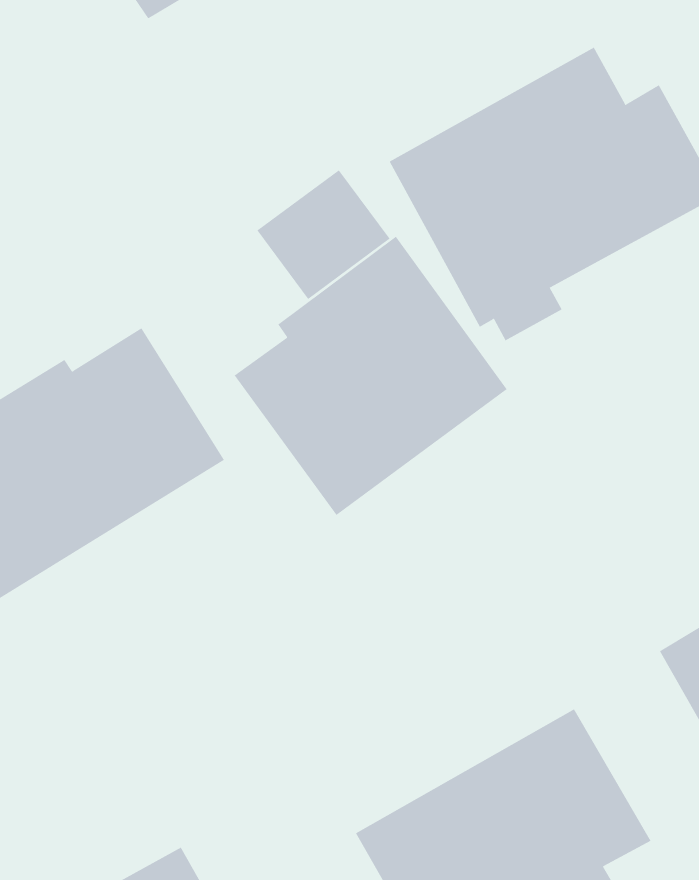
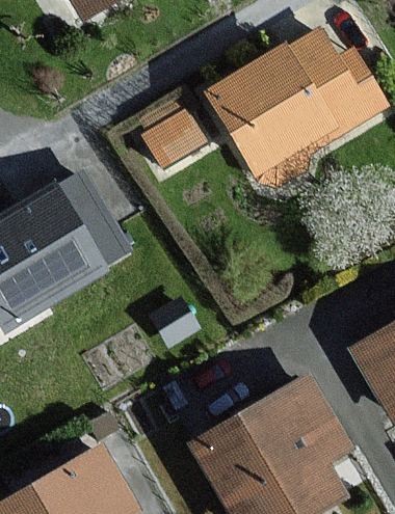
building: [234,236,508,516] -> none

